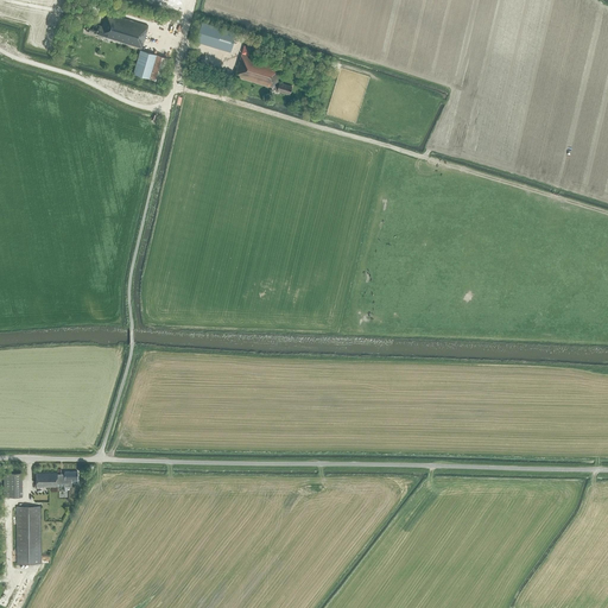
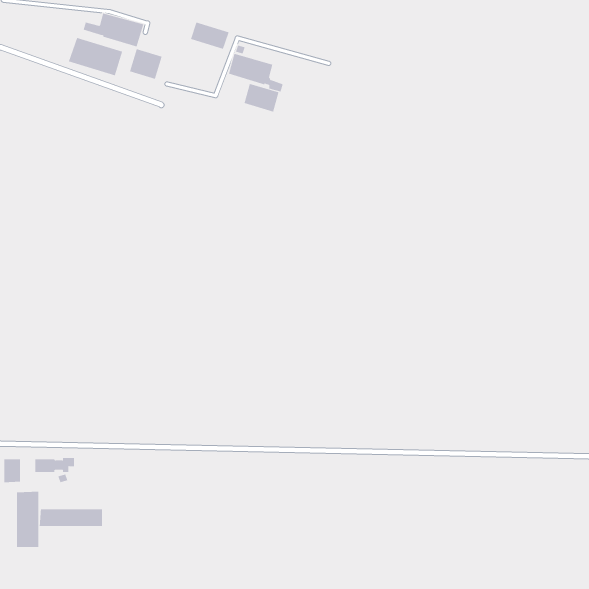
building: none -> [68,37,123,76]
building: none -> [244,83,279,112]
building: none -> [39,508,103,527]

